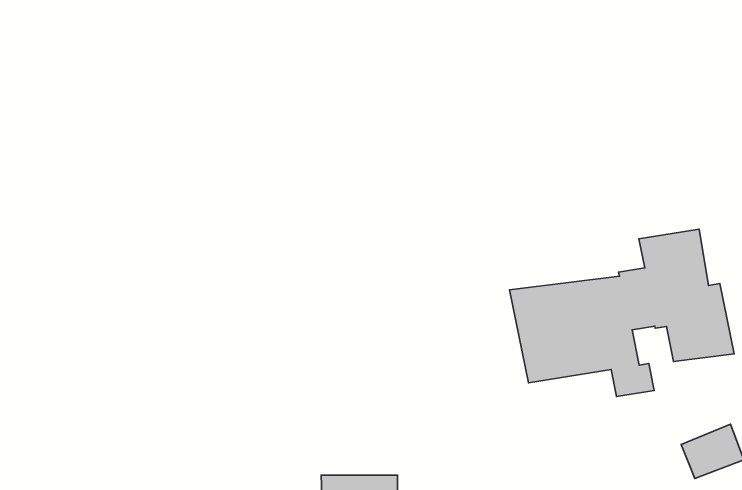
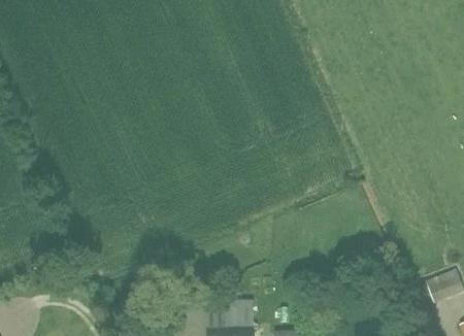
building: [509,229,734,396] -> none

